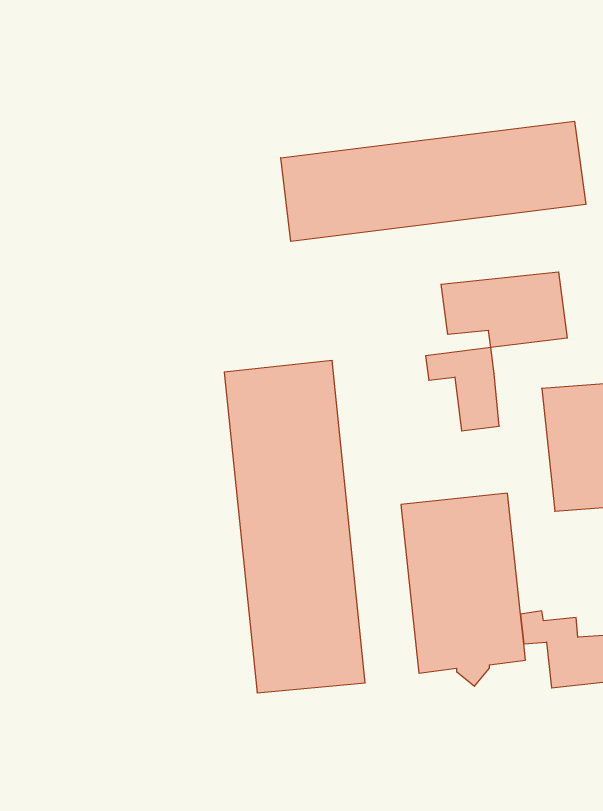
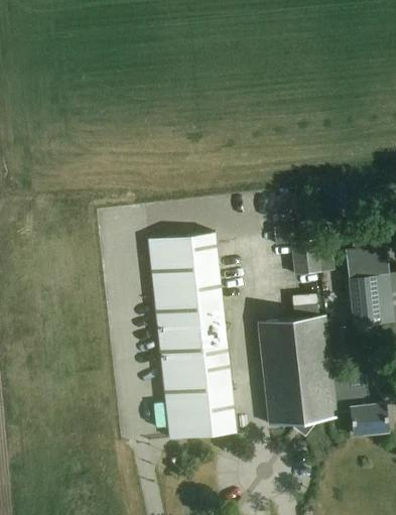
building: [281,121,586,241] -> none
building: [441,272,567,348] -> none

